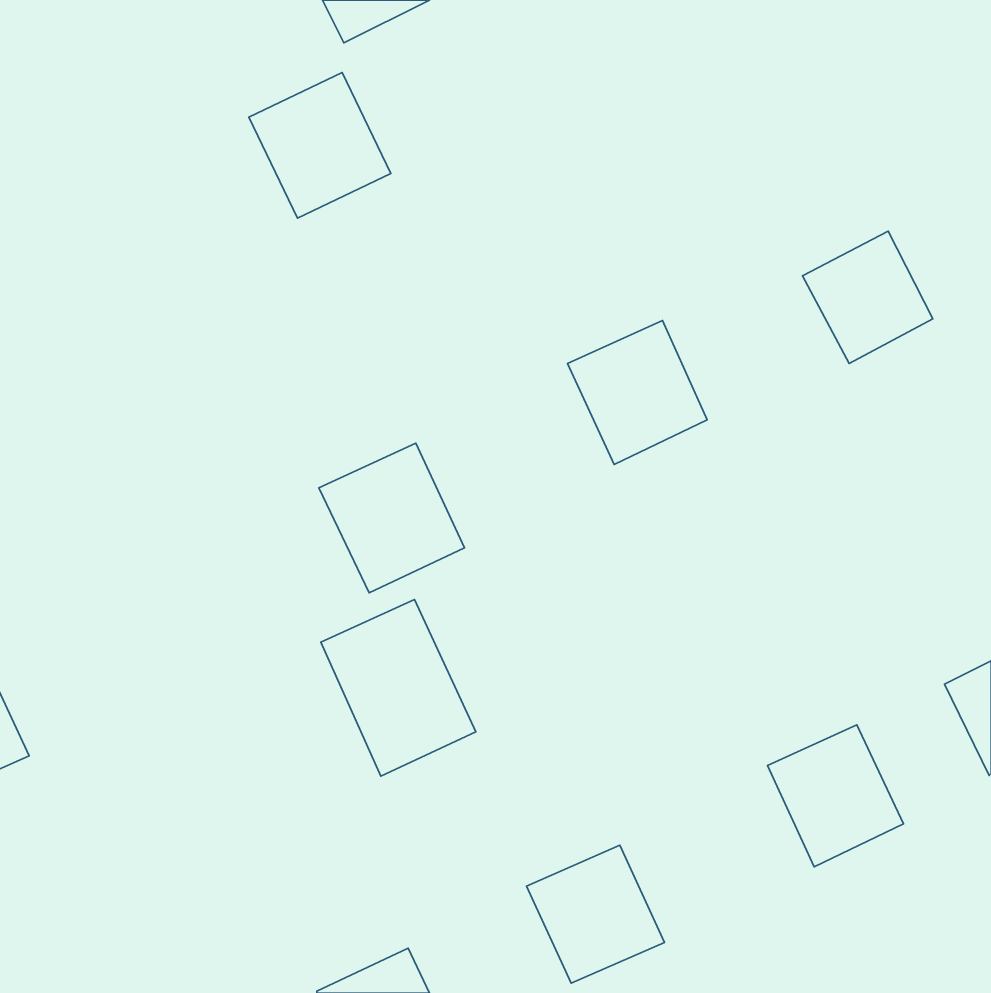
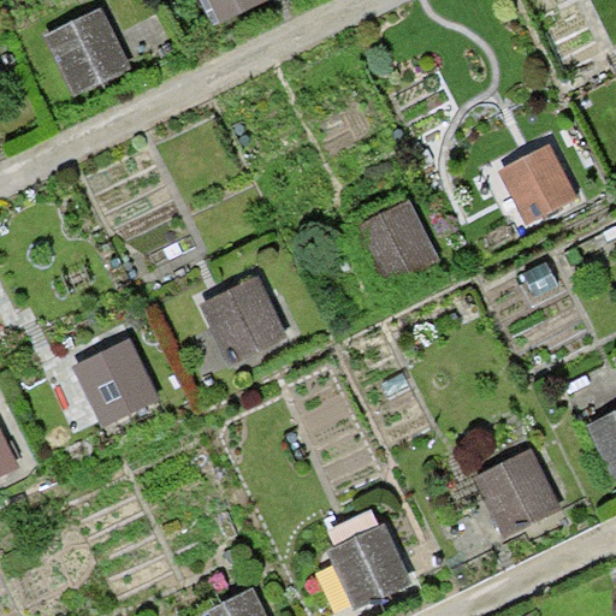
building: [249,72,391,218] -> [43,6,131,96]
building: none -> [72,338,159,427]
building: [321,599,476,776] -> none

